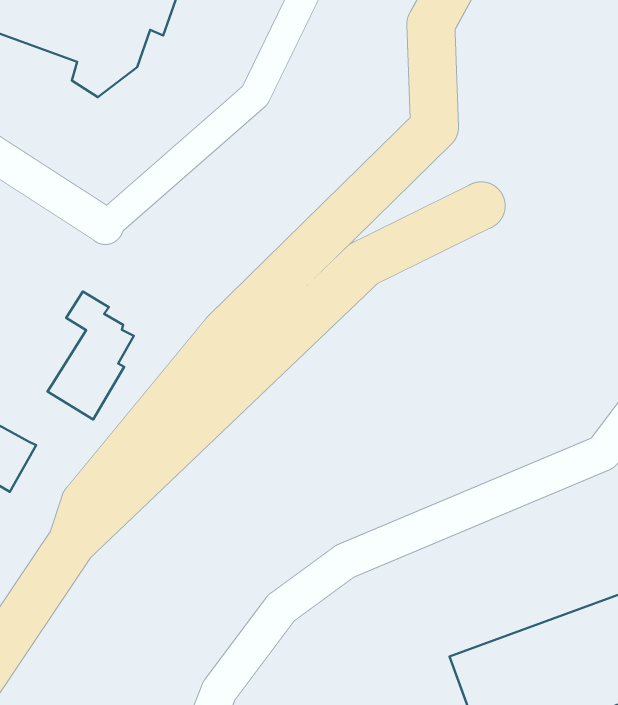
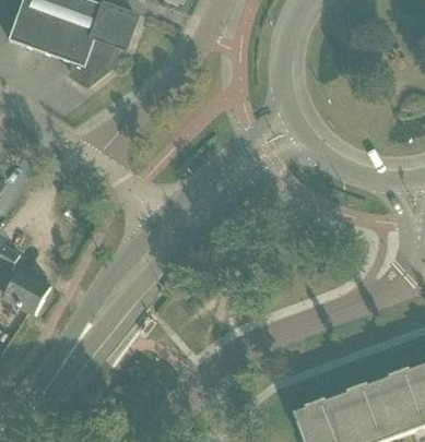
building: [47,292,134,419] -> none

